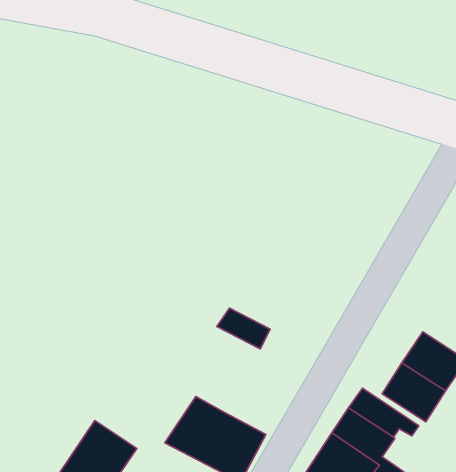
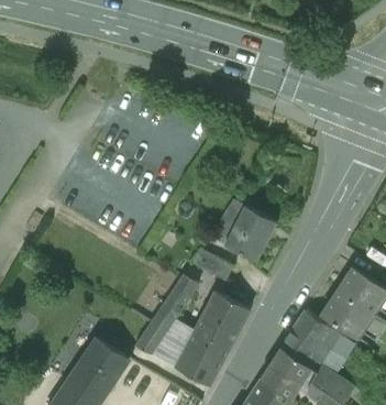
building: none -> [209,199,276,261]
building: none -> [134,274,199,354]
building: none -> [195,291,251,348]

